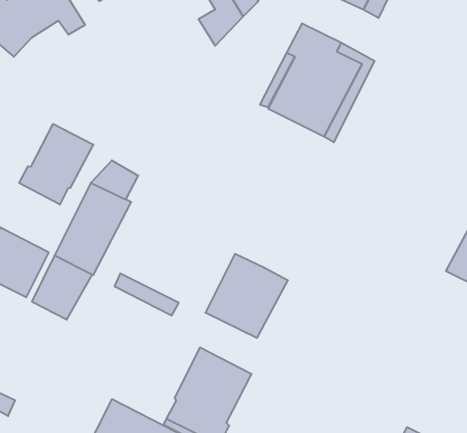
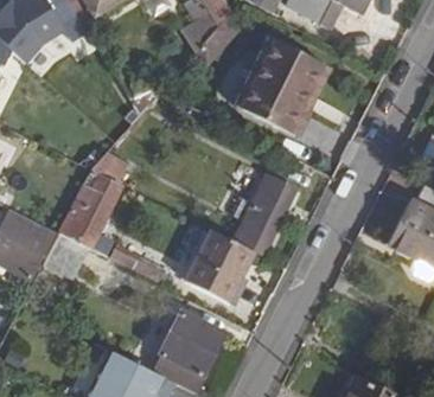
building: [19,124,93,205] -> none
building: none -> [235,177,292,255]

